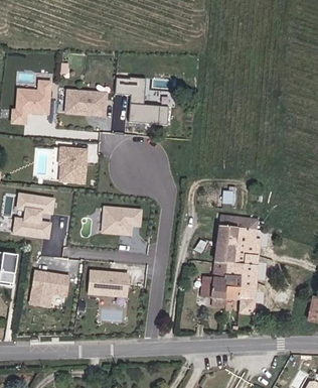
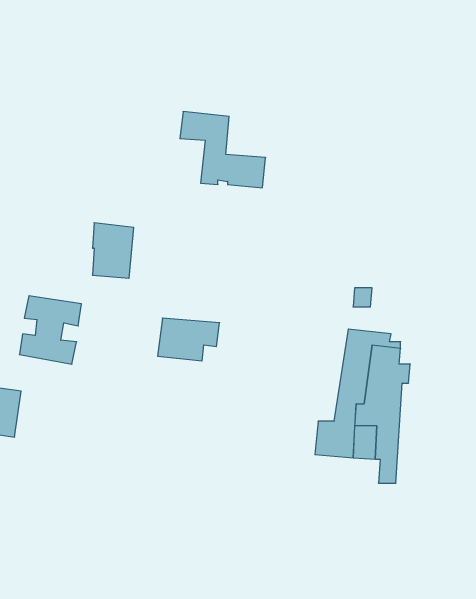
building: [12,81,51,123] -> none
building: [66,90,108,115] -> none
building: [30,271,67,306] -> none
building: [88,271,127,296] -> none

